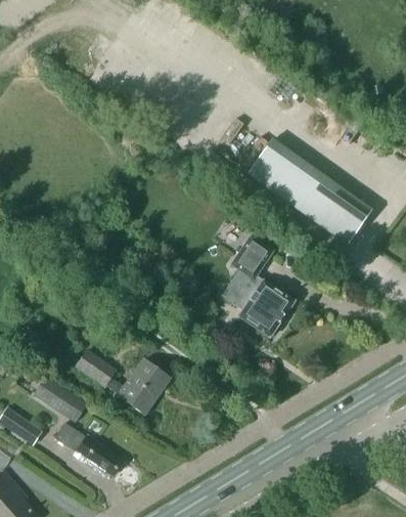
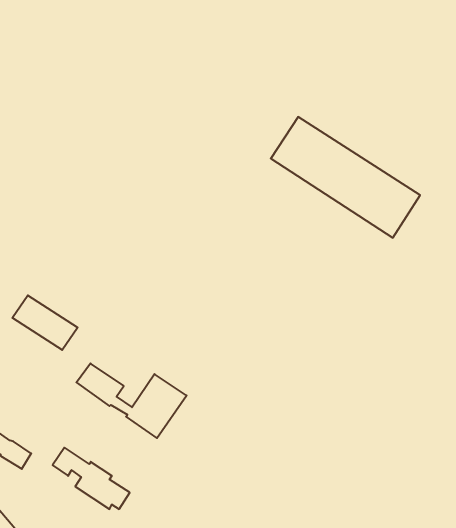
building: [223,238,295,339] -> none
building: [33,375,89,422] -> [12,295,78,350]

